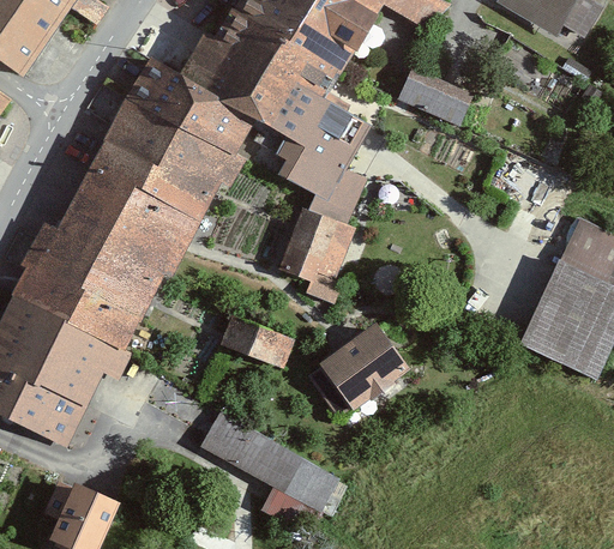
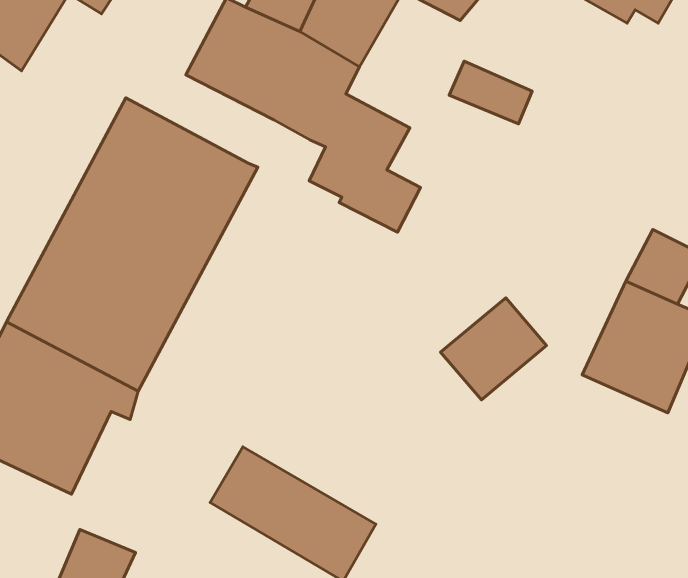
building: [116,54,247,157] -> none
building: [278,212,345,286] -> none
building: [227,319,295,370] -> none
building: [306,324,399,414] -> [441,298,547,400]

